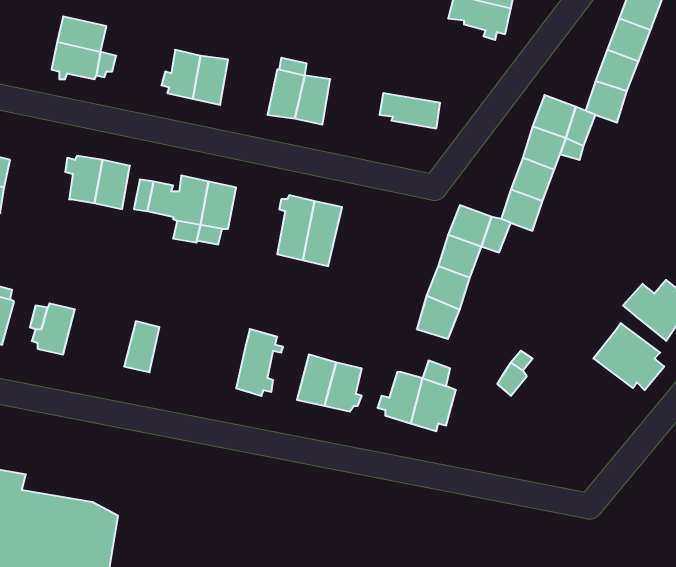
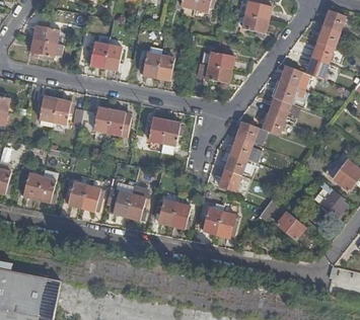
building: none -> [202,51,234,69]
building: none -> [37,169,58,202]
building: none -> [81,184,104,211]
building: none -> [105,187,131,216]
building: none -> [277,212,305,239]

